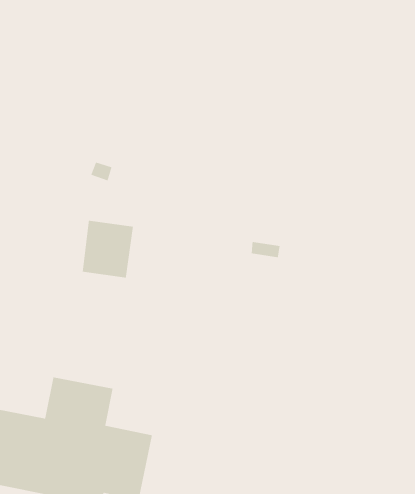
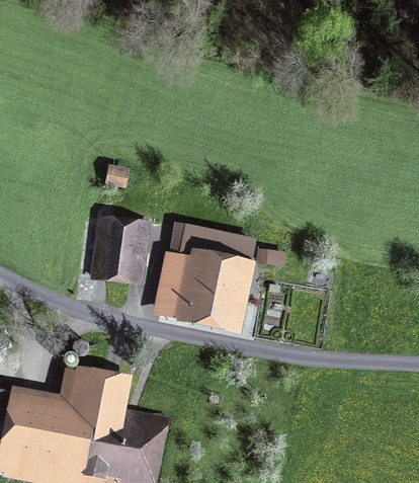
building: none -> [161,229,251,325]

